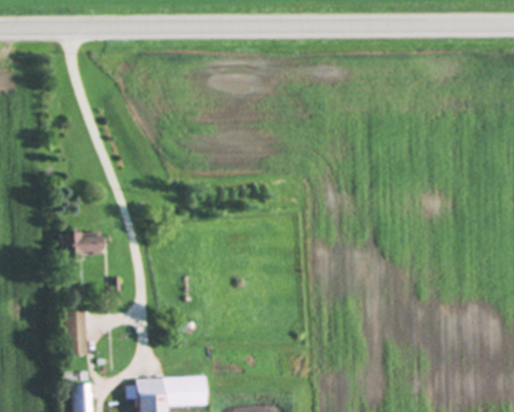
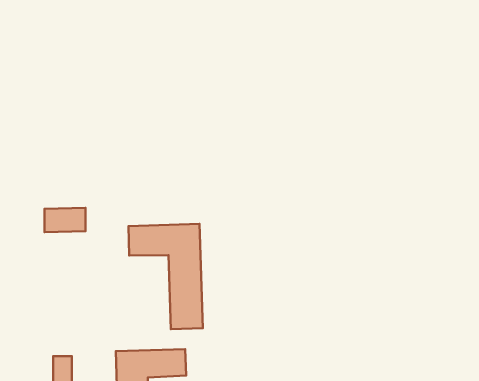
building: none -> [129,224,203,329]
building: [66,310,87,354] -> none

